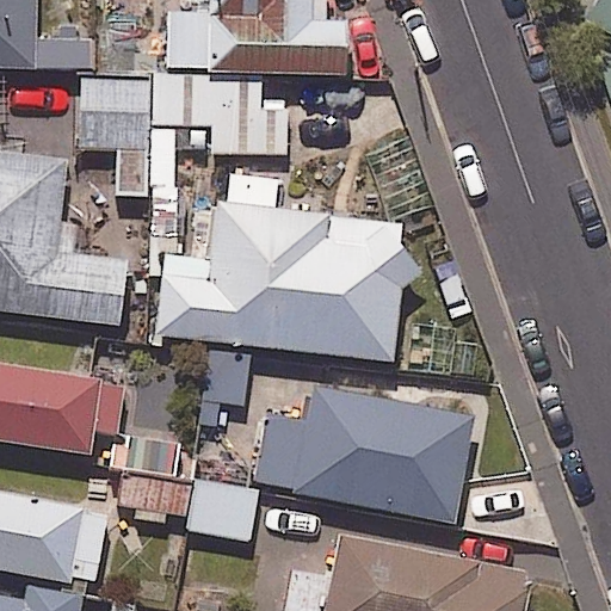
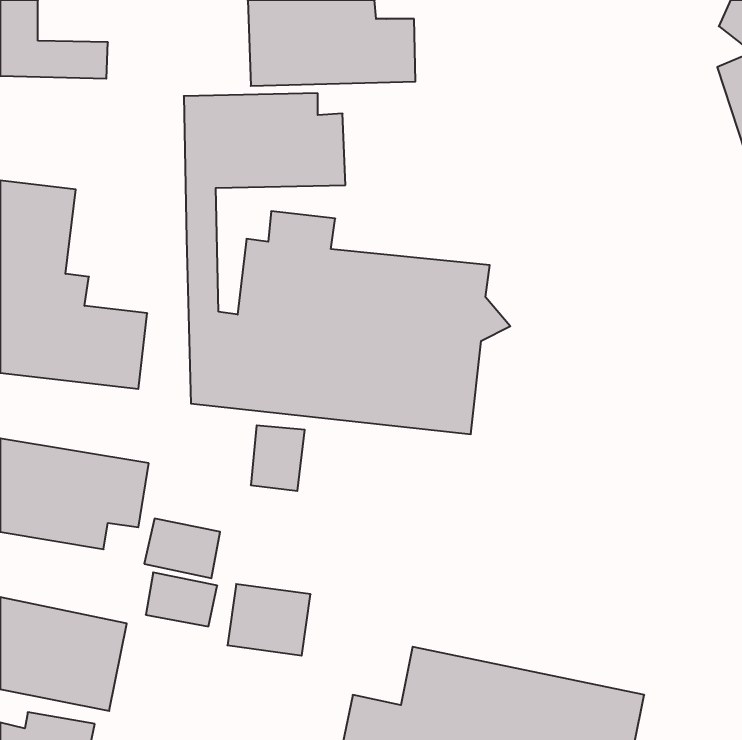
building: [81,82,155,199] -> none
building: [253,382,473,523] -> none

